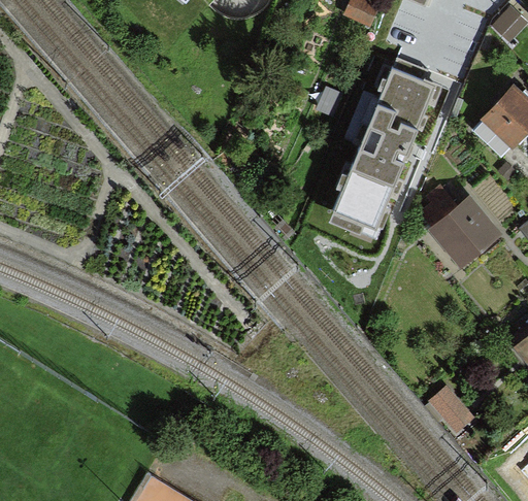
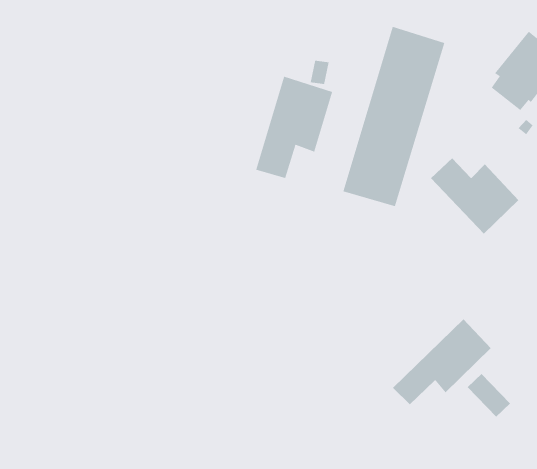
building: none -> [256,76,333,179]
building: none -> [392,319,491,405]

